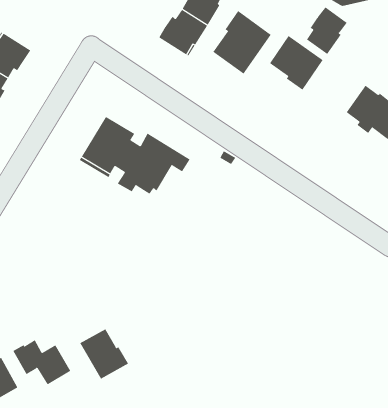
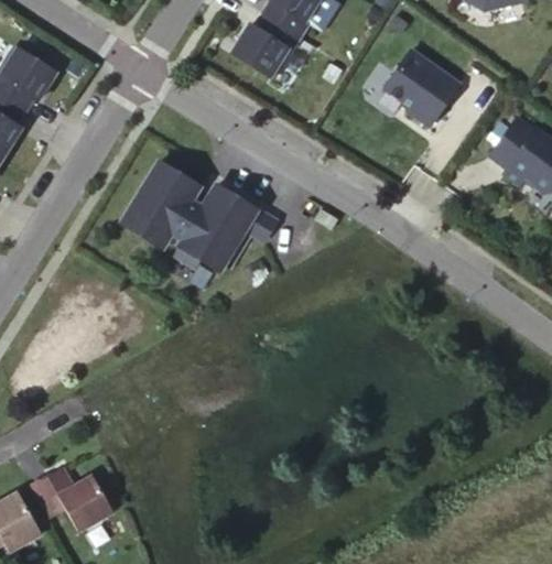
building: [306,7,348,55] -> none
building: [213,10,272,75] -> none
building: [80,328,129,380] -> none

